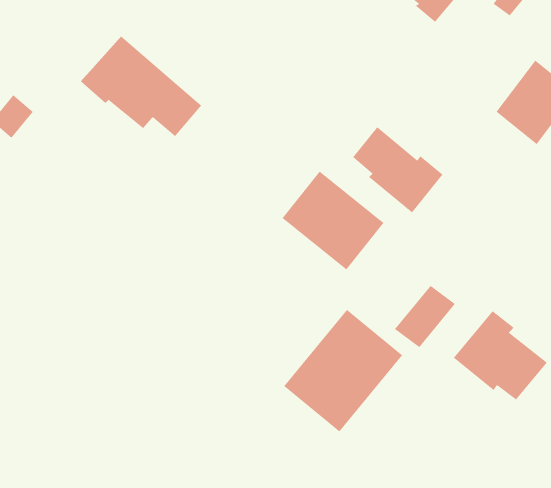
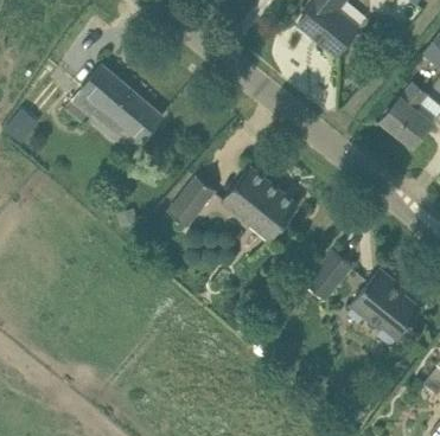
building: [352,126,443,213] -> none
building: none -> [168,177,215,227]
building: [283,309,403,433] -> none

